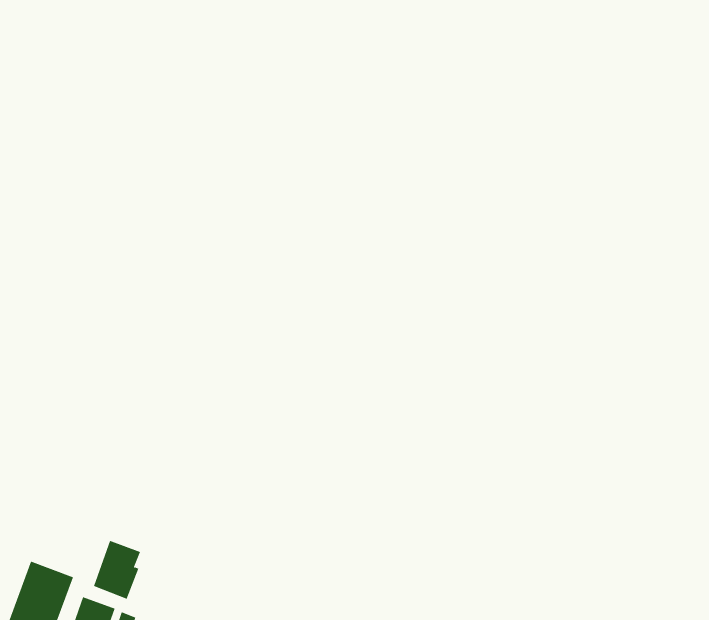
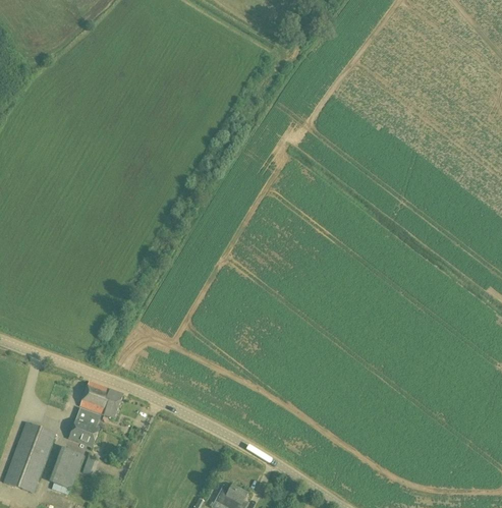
building: none -> [80,382,123,417]

